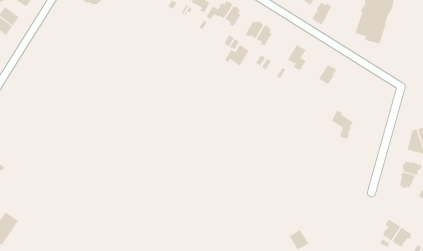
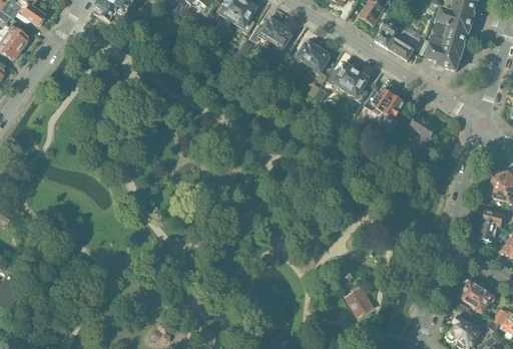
building: none -> [387,25,420,60]
building: [224,44,249,66] -> [327,62,357,88]
building: none -> [364,87,394,113]
building: [331,110,354,139] -> [410,112,437,147]

